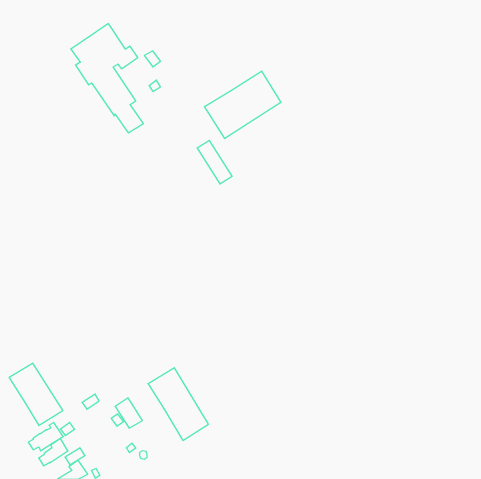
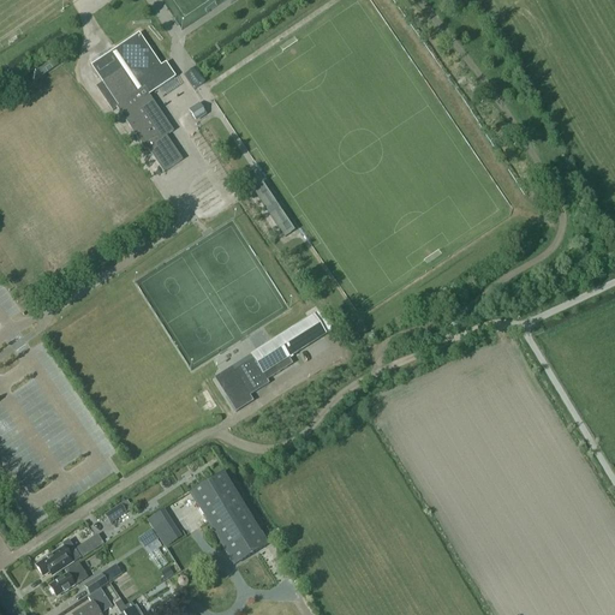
building: [205,71,281,139] -> none
building: none -> [225,309,334,410]
building: [9,363,63,426] -> none

